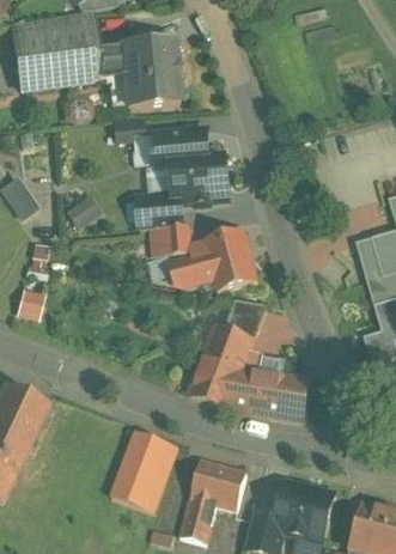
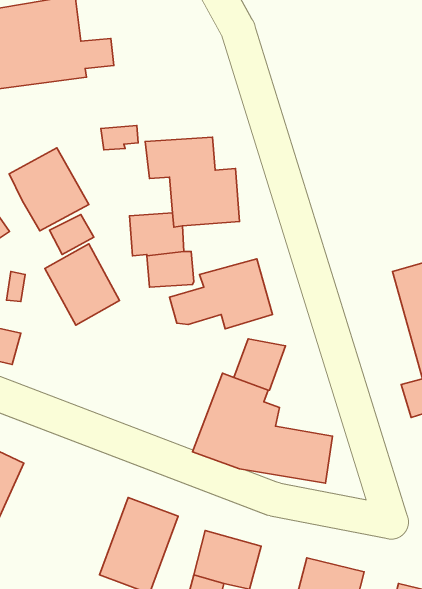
building: [121,41,178,106] -> none
building: none -> [9,148,89,231]
building: none -> [45,244,120,325]

